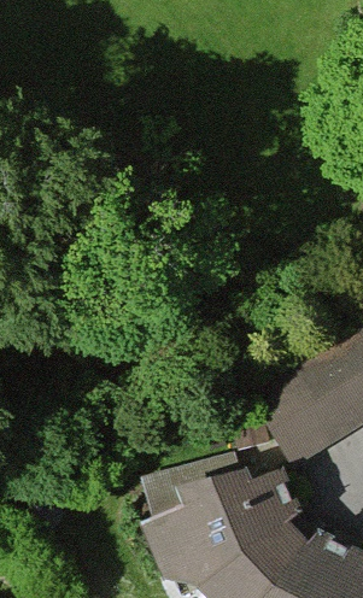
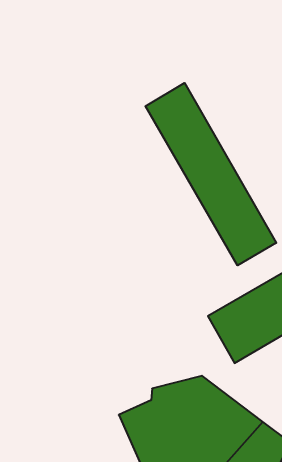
building: none -> [145,83,276,265]

